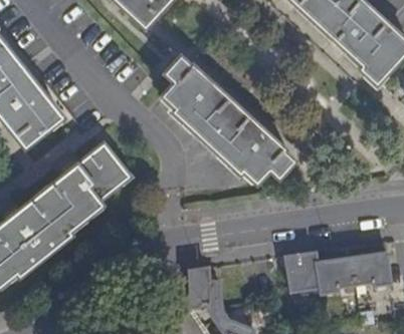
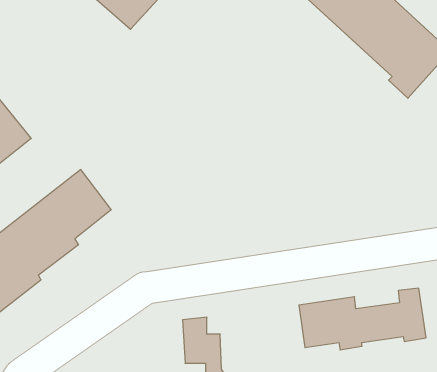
building: [162,58,295,185] -> none

